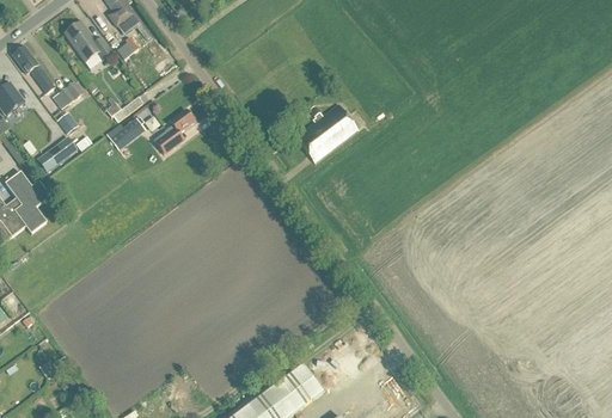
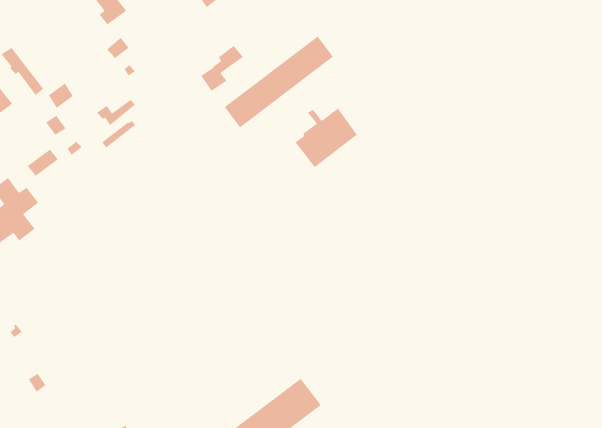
building: [65,20,112,62] -> none
building: none -> [224,35,334,128]
building: [153,109,195,154] -> [200,45,244,92]

